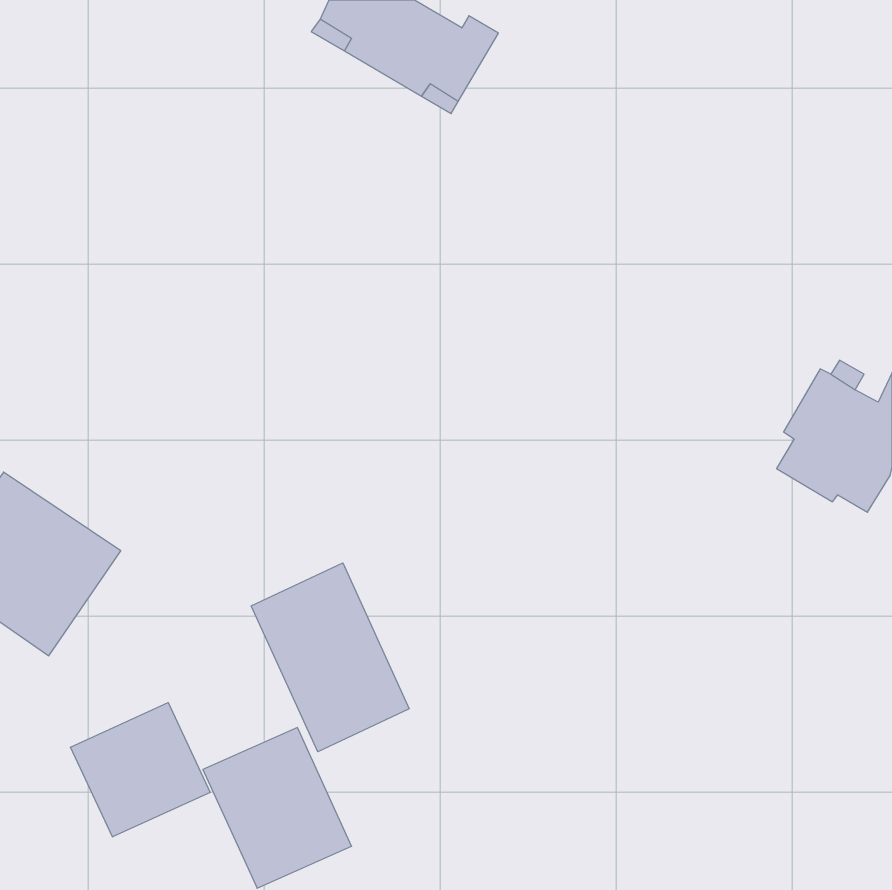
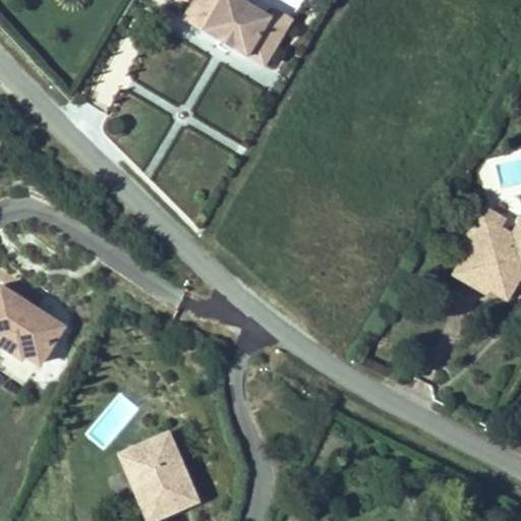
building: [251,563,409,752] -> none
building: [71,703,210,837] -> none

